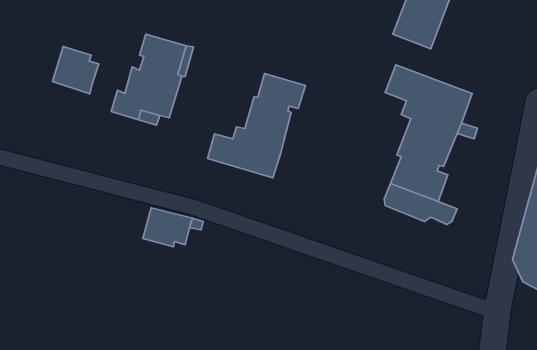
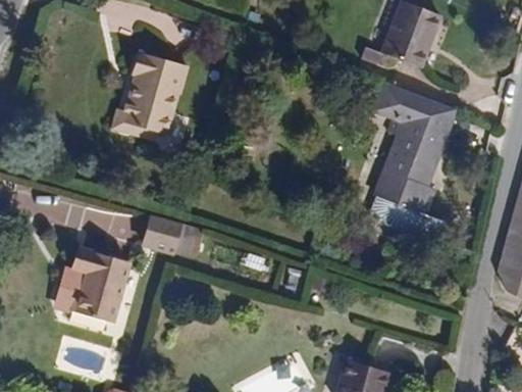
building: [53,47,99,94] -> none
building: [207,74,305,178] -> none
building: none -> [67,248,130,324]

